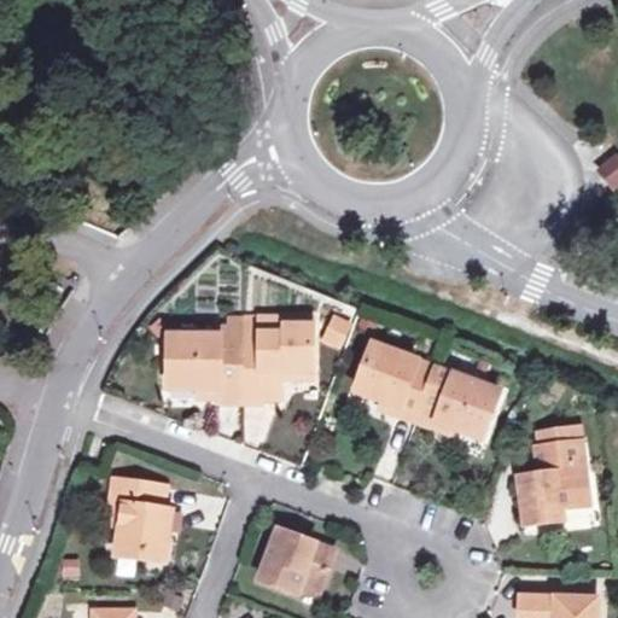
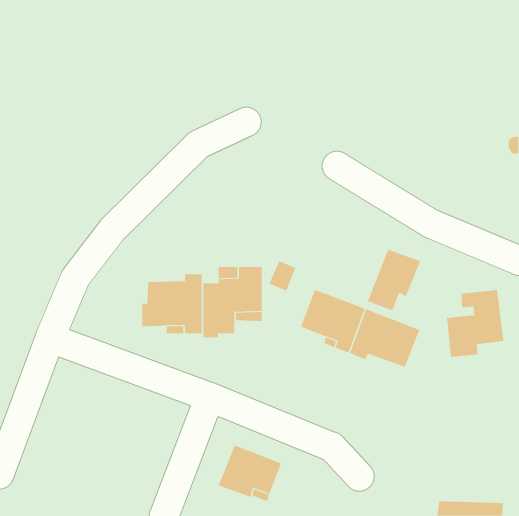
building: none -> [367,249,421,311]
building: [518,442,587,523] -> [446,289,504,358]
building: [110,479,170,559] -> none

